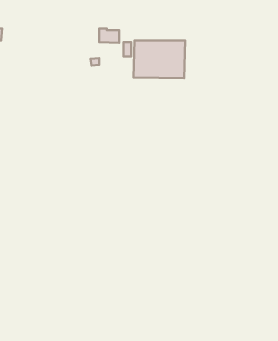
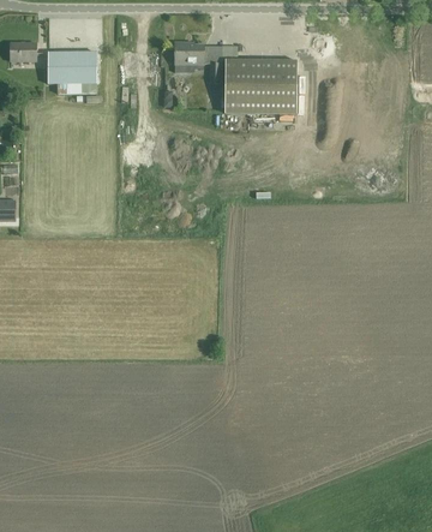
building: none -> [48,52,97,94]

